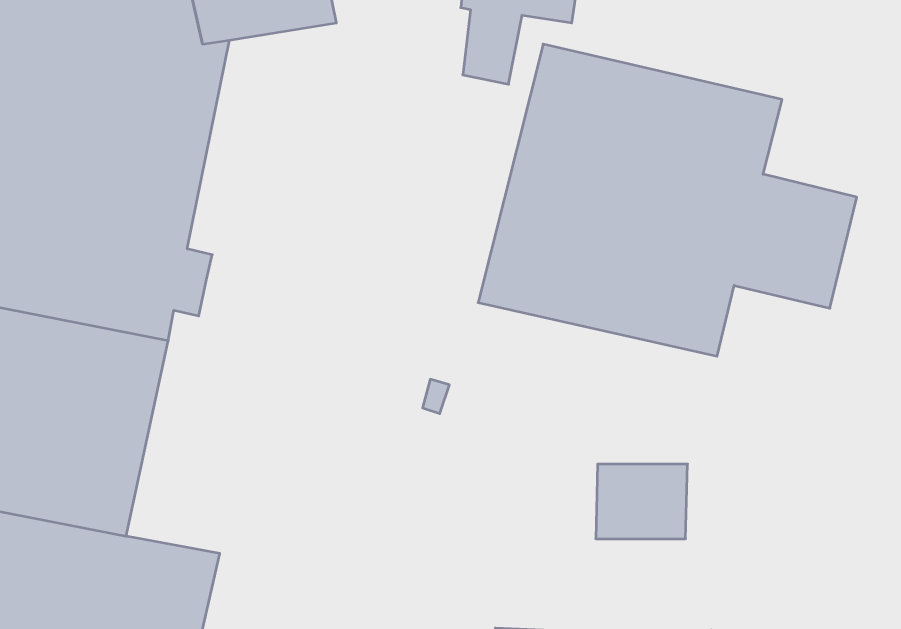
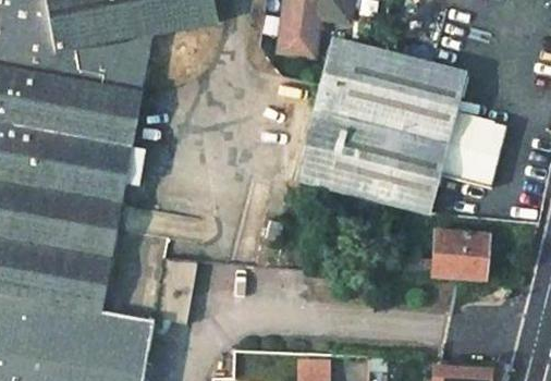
building: [596,464,688,539] -> [428,237,480,280]

